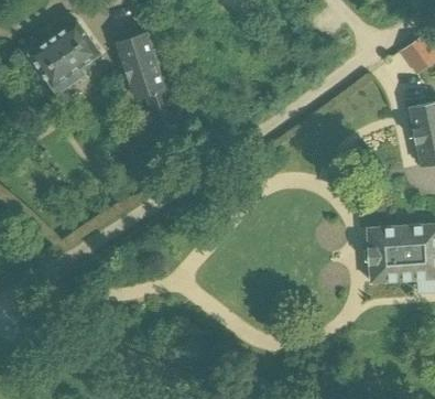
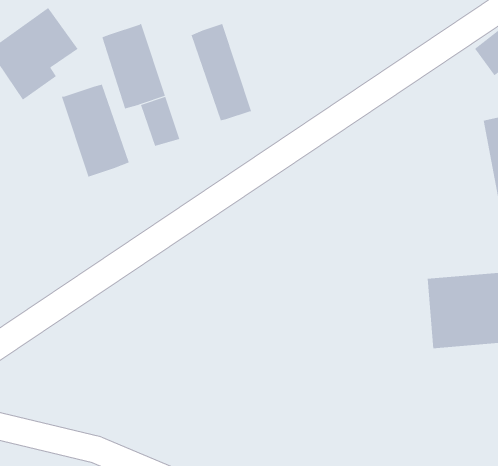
building: none -> [191,23,252,121]
building: none -> [61,84,129,178]

